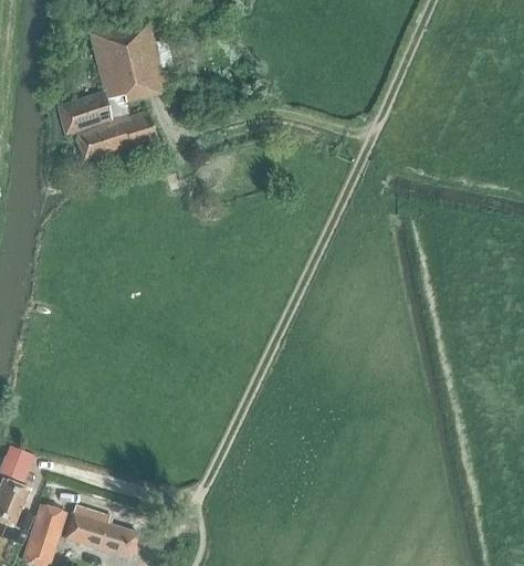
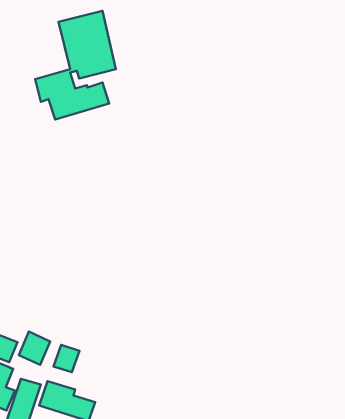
building: none -> [19,332,50,365]
building: none -> [53,345,79,372]

